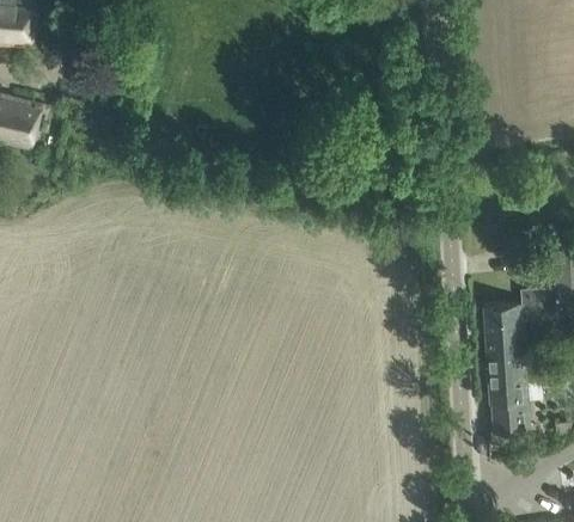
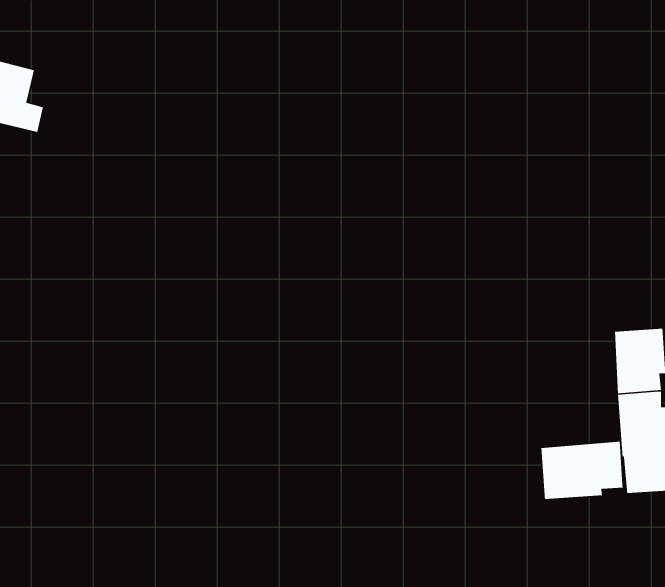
building: none -> [540,441,624,500]

